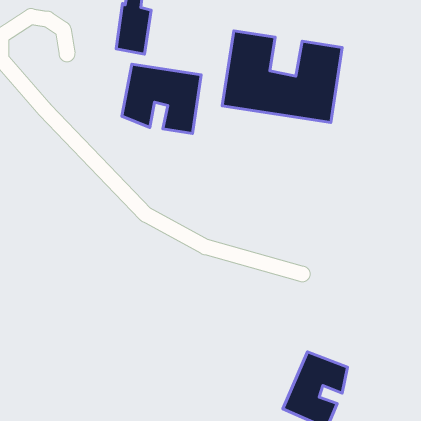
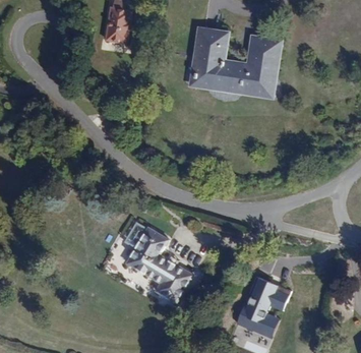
building: [122,64,201,134] -> none
building: none -> [123,222,192,300]

